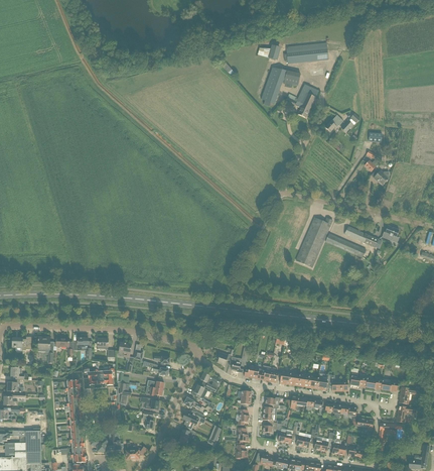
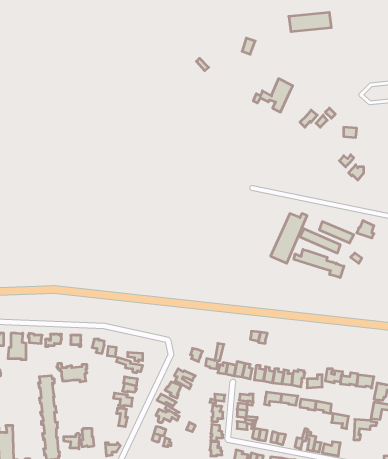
building: [285,44,327,64] -> [289,12,331,32]
building: [260,68,299,104] -> none
building: none -> [294,249,344,278]

